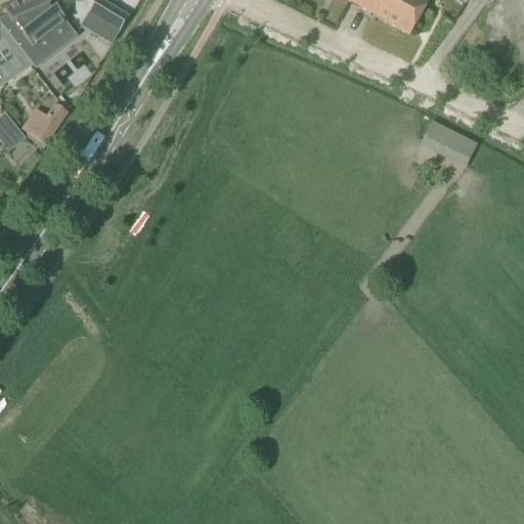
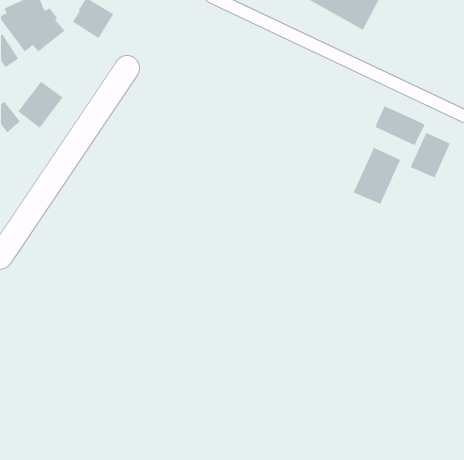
building: none -> [410,132,451,178]
building: none -> [352,147,401,205]

